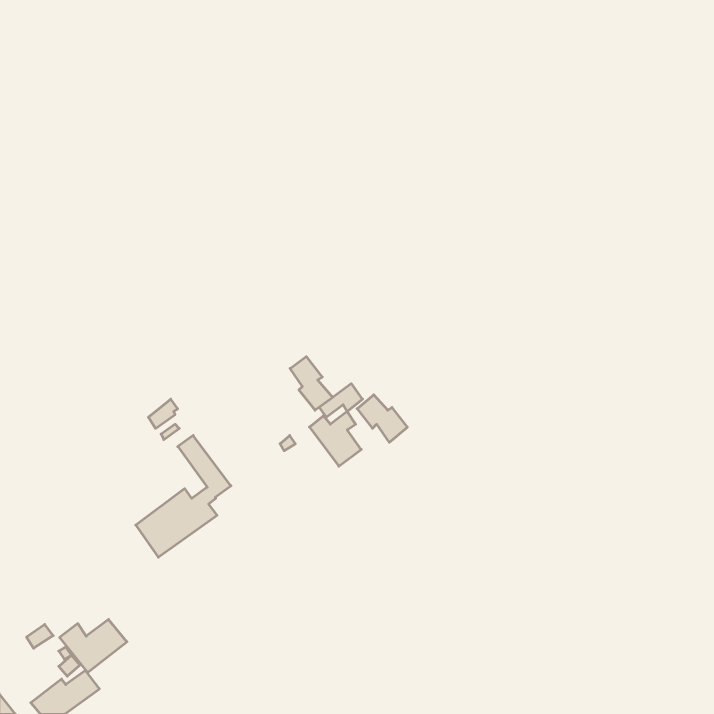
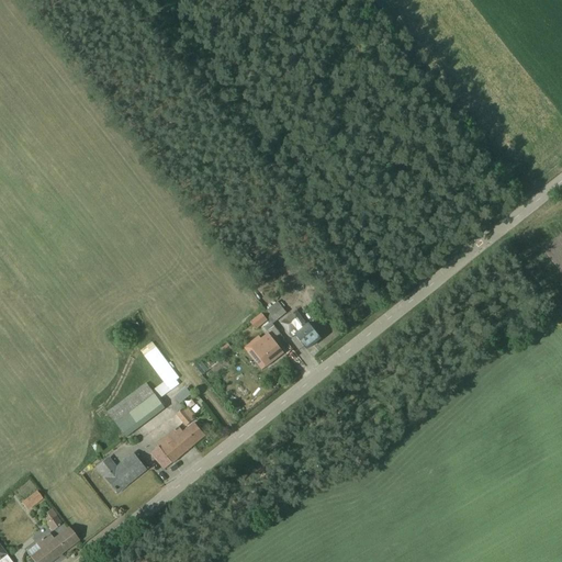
building: [290,357,333,410] -> none
building: none -> [149,401,203,470]
building: [60,619,127,673] -> [93,452,146,494]

